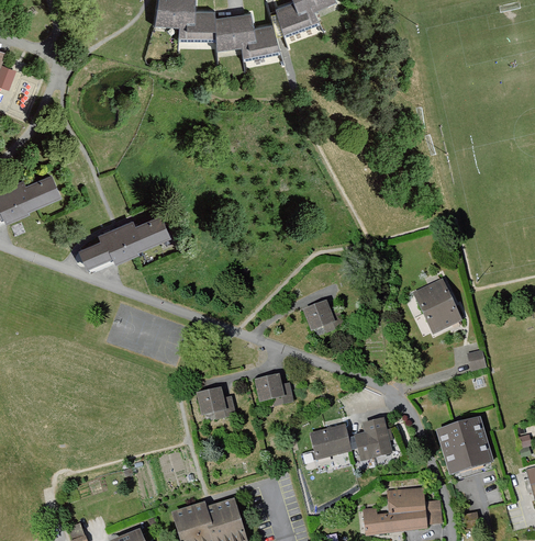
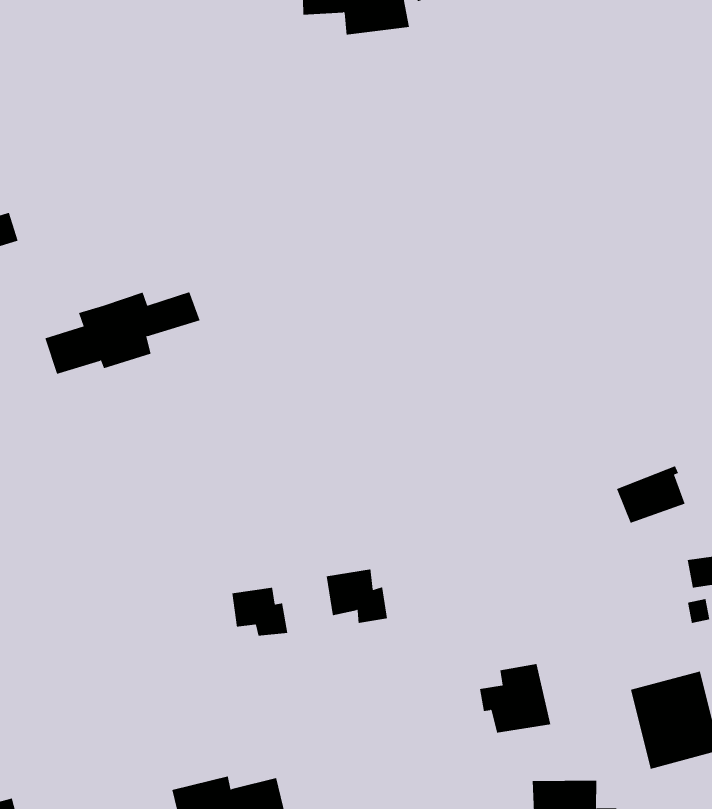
building: [412,278,455,313] -> none
building: [302,301,345,331] -> none
building: [309,422,353,461] -> none

